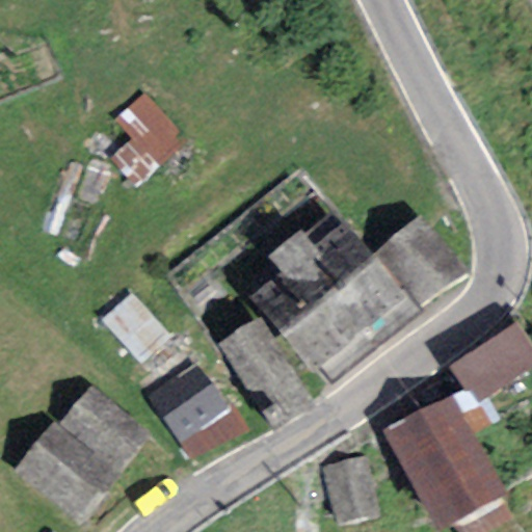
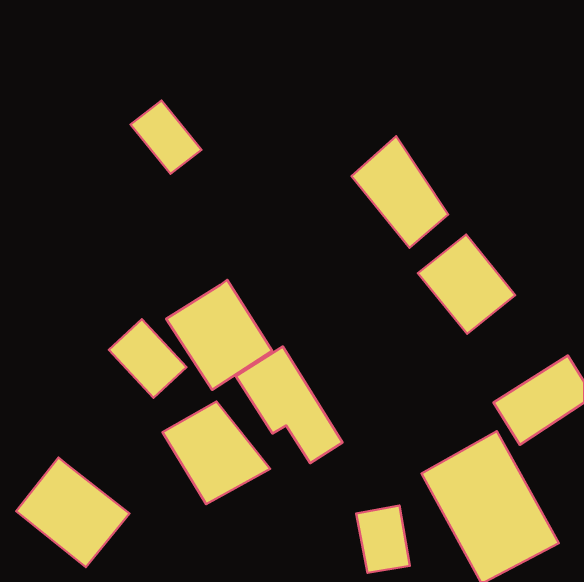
building: none -> [352,136,448,248]
building: [254,222,415,383] -> none
building: none -> [166,280,272,390]
building: [60,383,149,467] -> none

